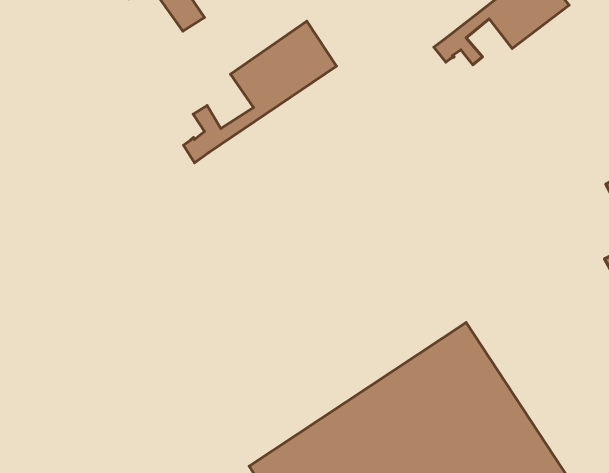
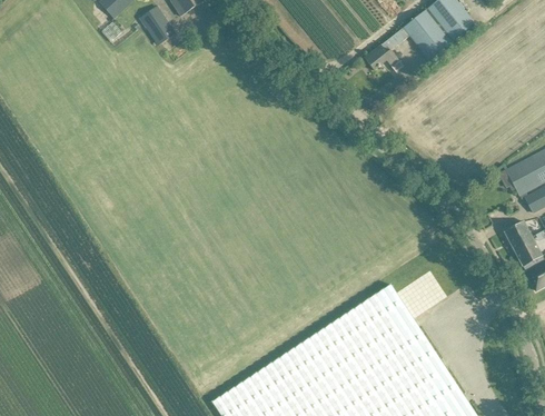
building: [183,21,337,163] -> none

